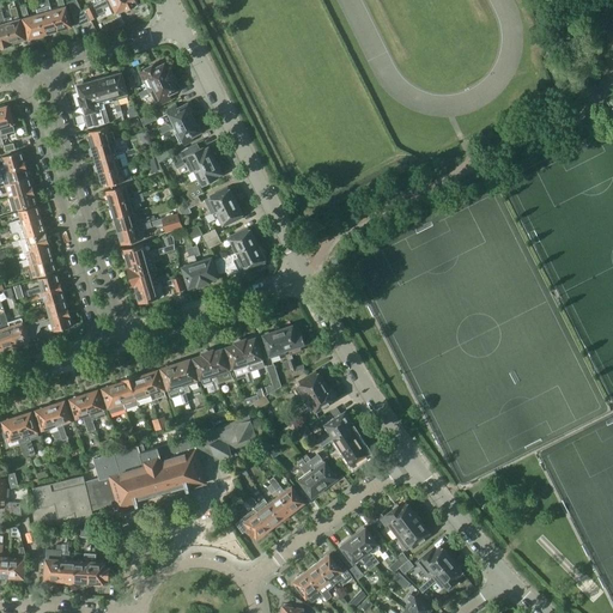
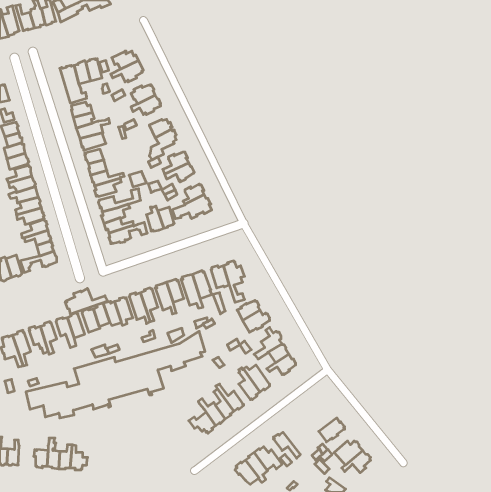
building: none -> [65,288,108,314]
building: [378,503,419,536] -> none
building: [352,527,381,565] -> none

